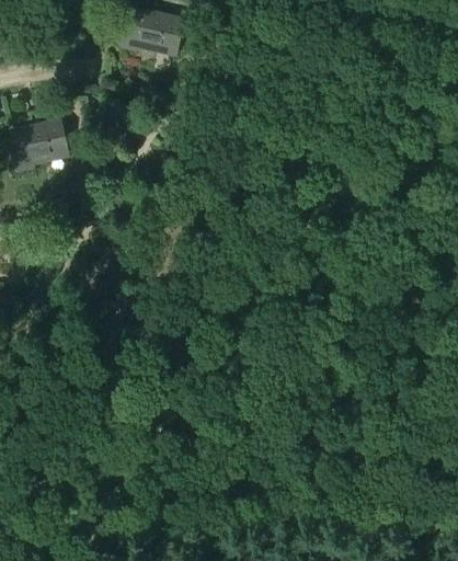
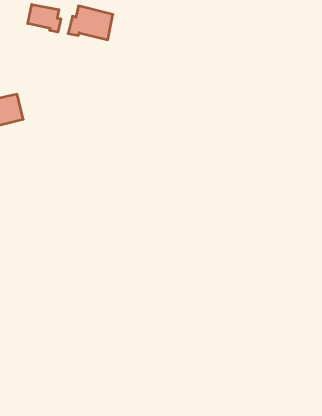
building: none -> [28,4,61,32]

